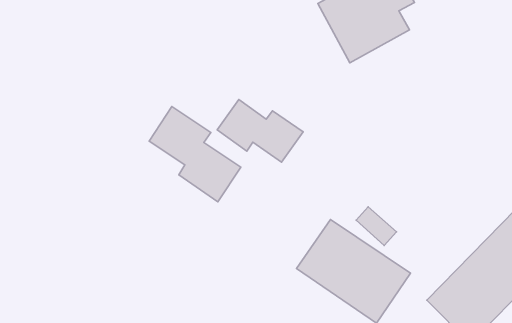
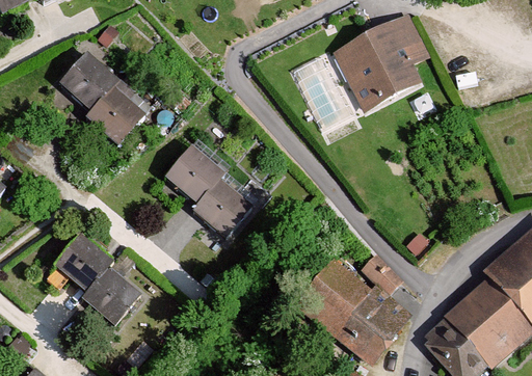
building: none -> [60,54,144,142]
building: [217,100,303,162] -> none
building: none -> [55,234,141,325]

